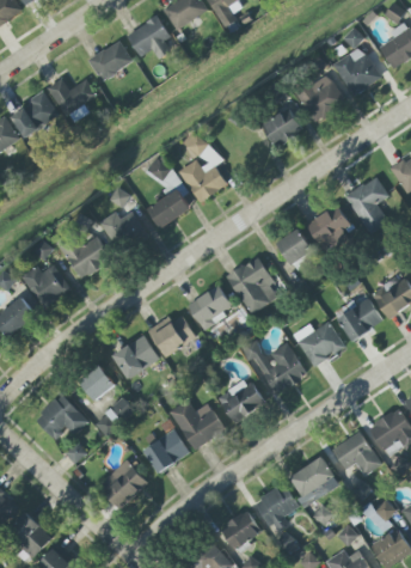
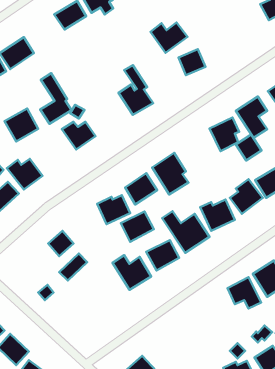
building: [333,48,380,96] -> none
building: [47,78,97,116] -> none
building: [294,80,346,123] -> [150,22,188,53]
building: [147,157,191,228] -> [40,73,71,124]
building: [276,228,312,265] -> [236,134,261,161]
building: [63,233,111,280] -> [4,108,38,141]
building: [112,336,159,379] -> [121,211,154,242]
building: [33,393,88,440] -> none
building: [142,429,190,474] -> none
building: [289,458,333,496] -> none
building: [98,459,147,508] -> none
building: [253,483,299,532] -> none
building: [220,511,260,550] -> none

